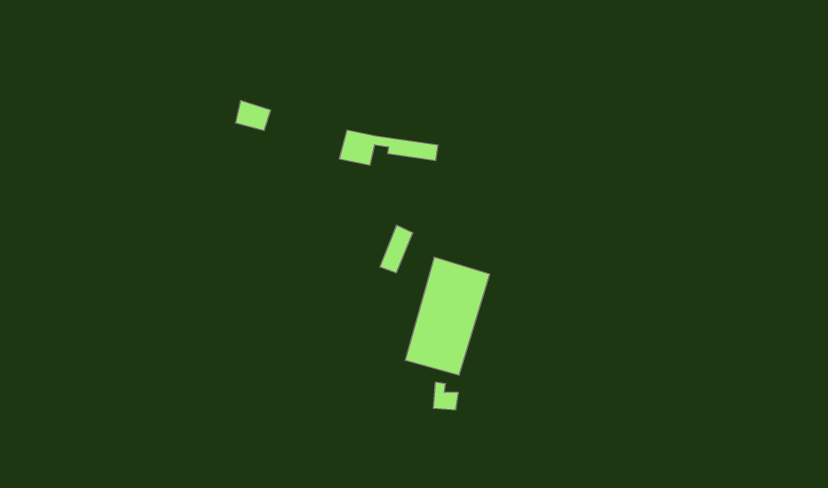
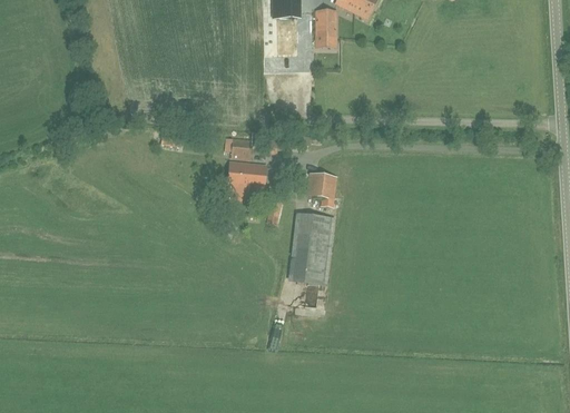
building: none -> [227,163,265,191]
building: none -> [306,174,336,207]

